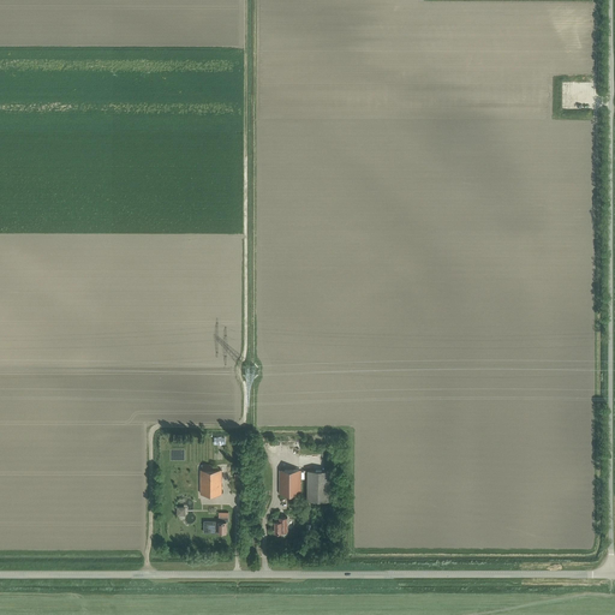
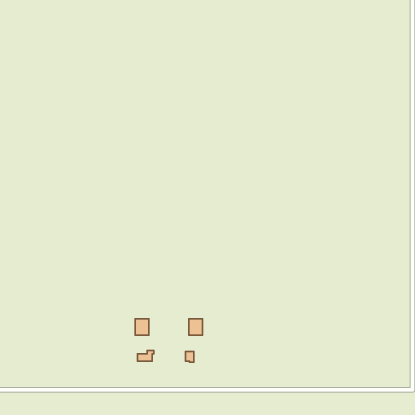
building: [306,472,328,502] -> none

